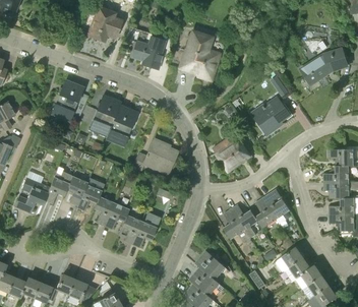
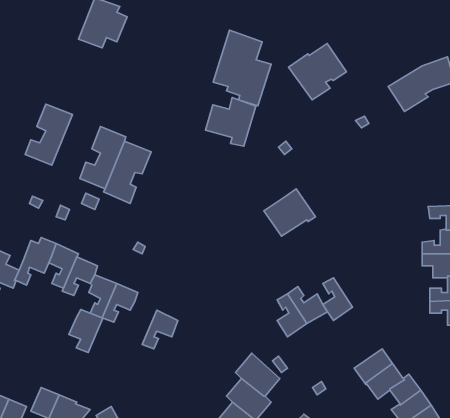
building: [131,35,166,68] -> [205,97,256,146]
building: [250,96,290,134] -> [289,44,346,100]
building: [132,139,177,170] -> none
building: [262,189,290,219] -> none
building: [118,214,141,244] -> [69,309,103,352]

